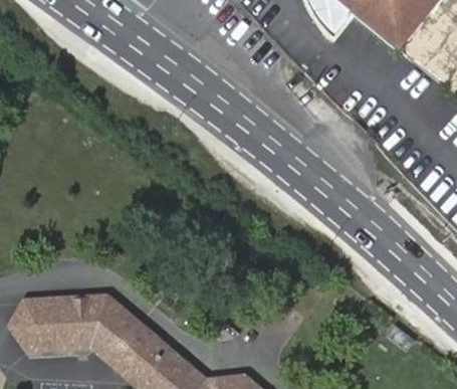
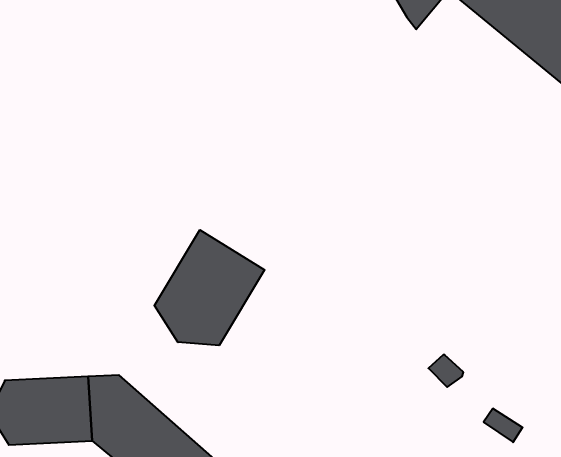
building: none -> [154,230,265,345]

